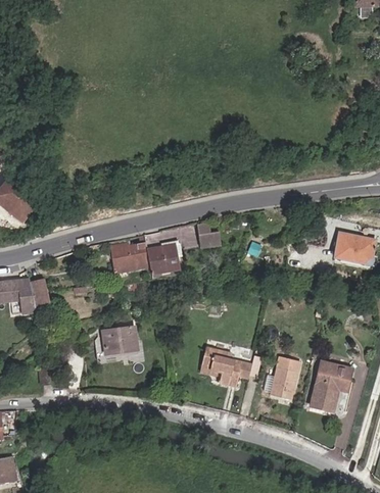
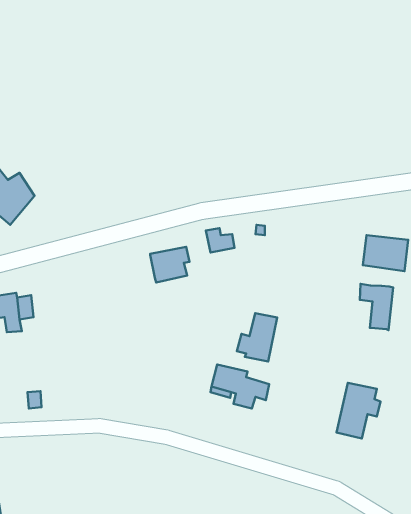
building: [111,242,150,276] -> none
building: none -> [360,284,393,330]
building: [104,328,139,355] -> none
building: [264,355,299,398] -> [237,313,277,362]

